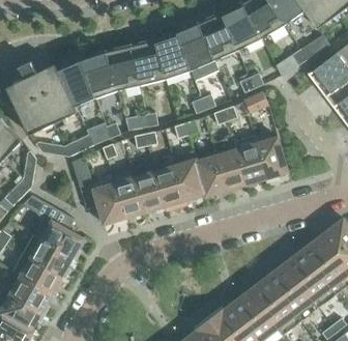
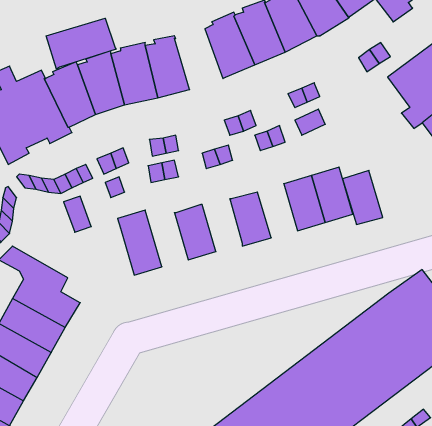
building: none -> [46,18,116,69]
building: [154,32,191,80] -> none
building: [216,150,247,191] -> [343,170,383,224]
building: [172,151,205,201] -> none
building: [133,164,165,212] -> none
building: [93,183,124,225] -> none

